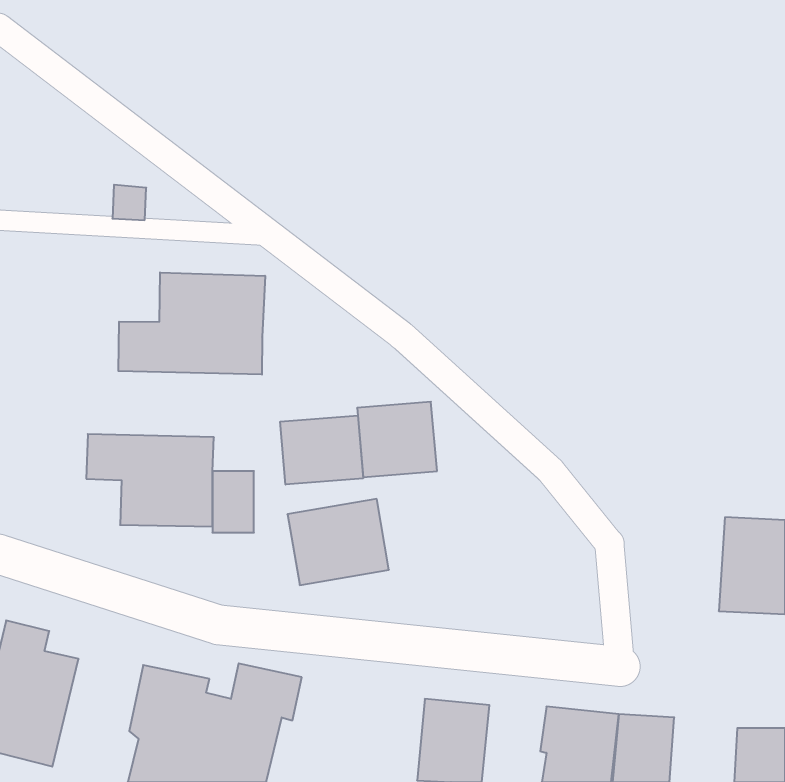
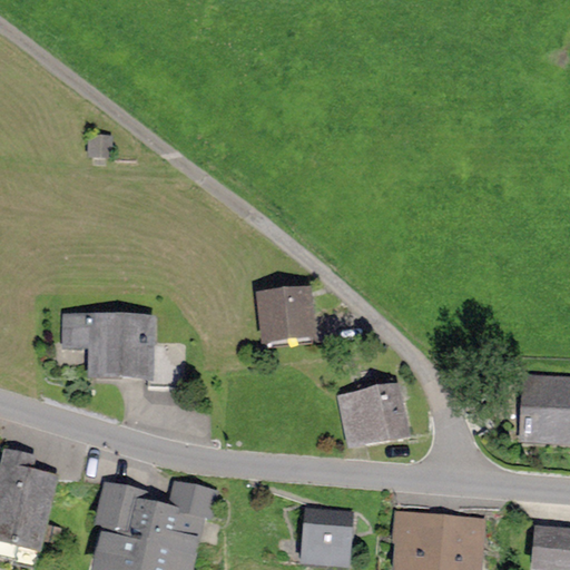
building: [118,272,265,375] -> none
building: [280,415,363,485] -> none
building: [287,499,389,585] -> [335,384,409,446]

